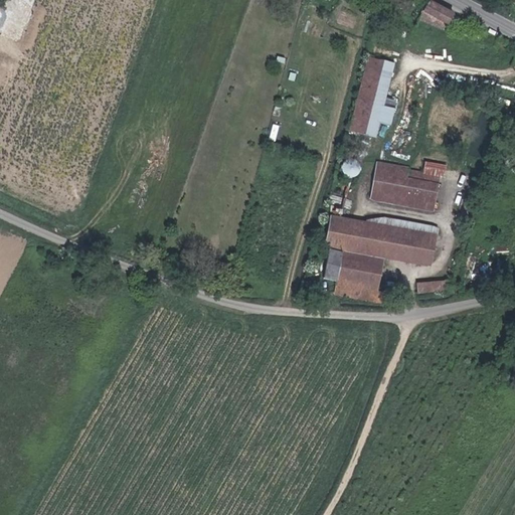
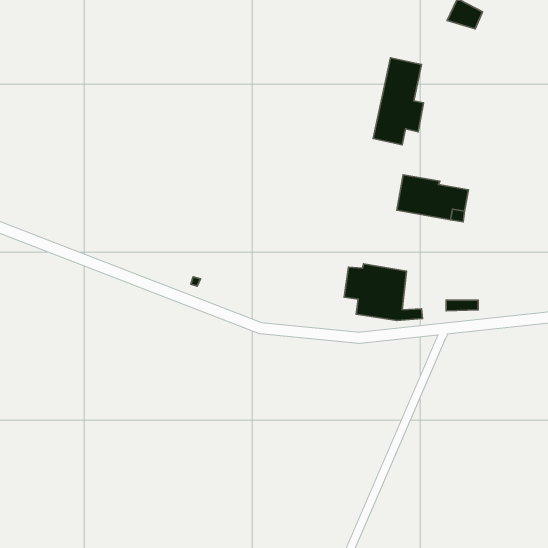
building: [323,215,436,263] -> none

